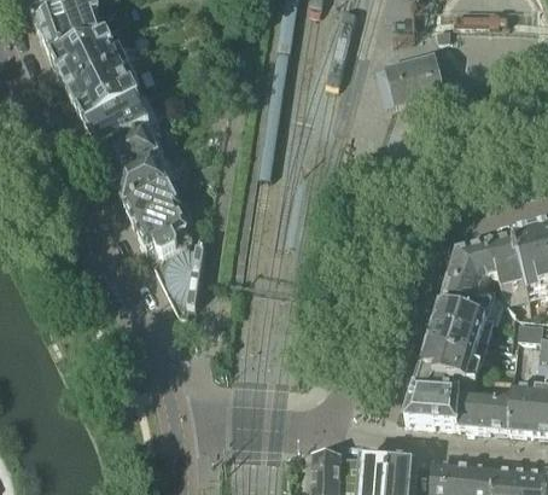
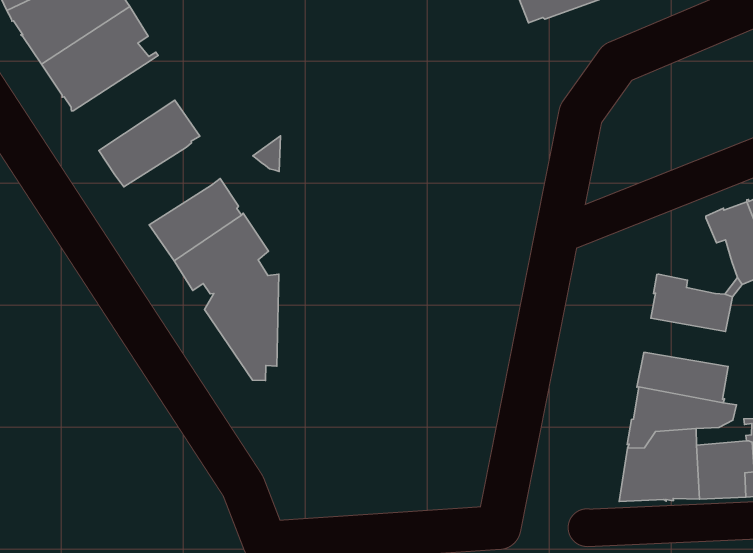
building: [86,95,161,152] -> none
building: [112,157,169,204] -> none
building: [450,244,499,293] -> none
building: [436,303,495,342] -> none

